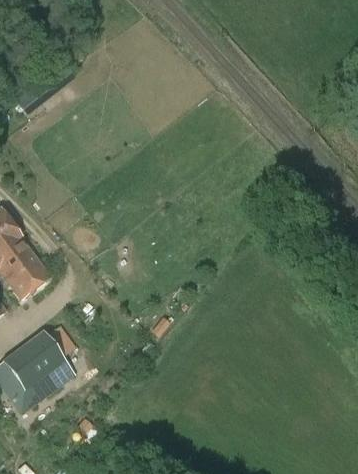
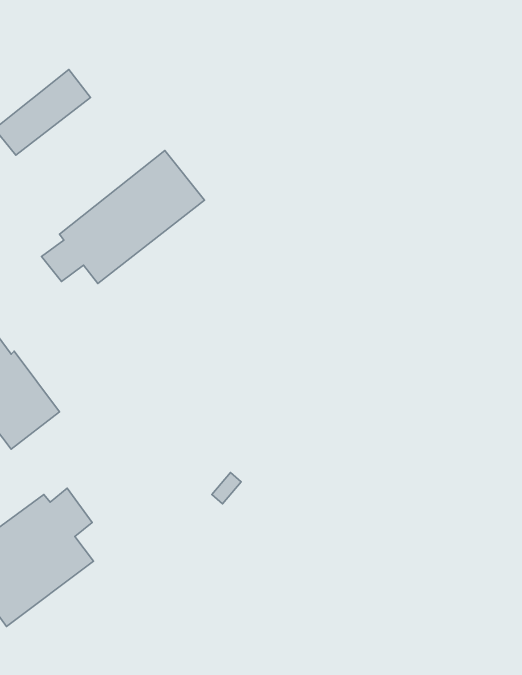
building: none -> [42,151,205,284]

